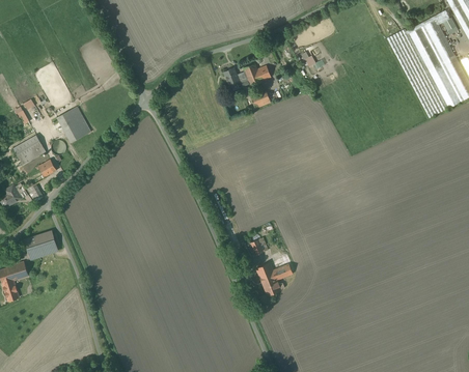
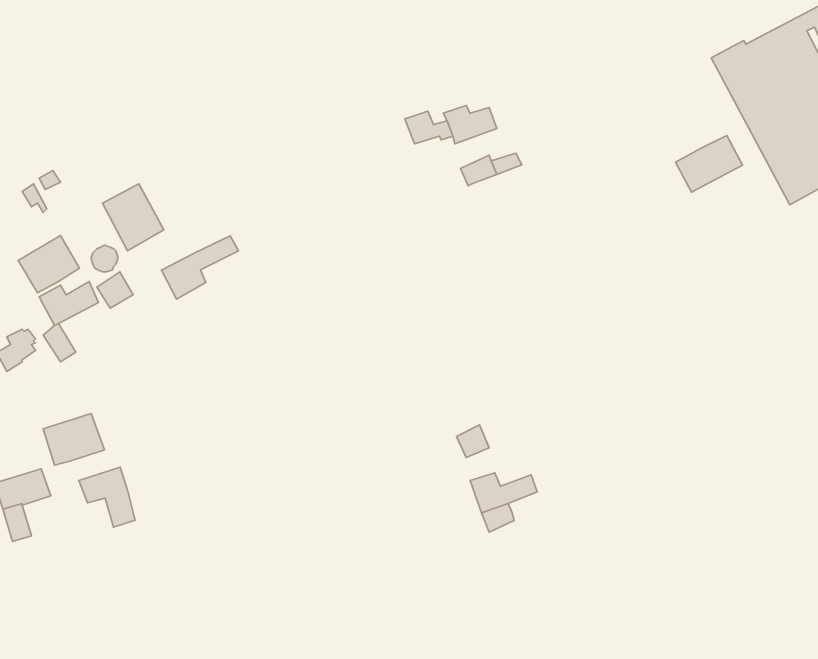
building: none -> [676,135,743,192]
building: none -> [161,236,238,299]
building: none -> [79,467,135,527]

